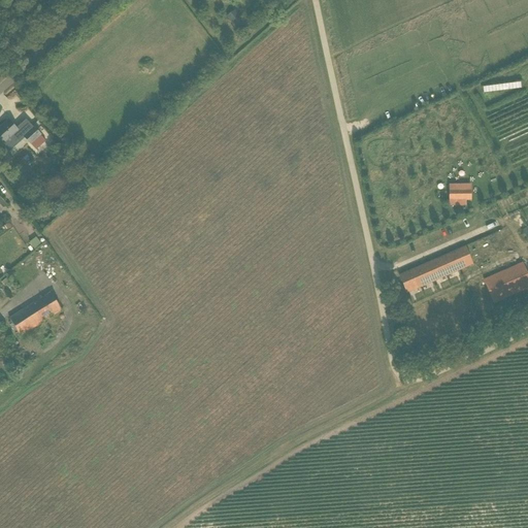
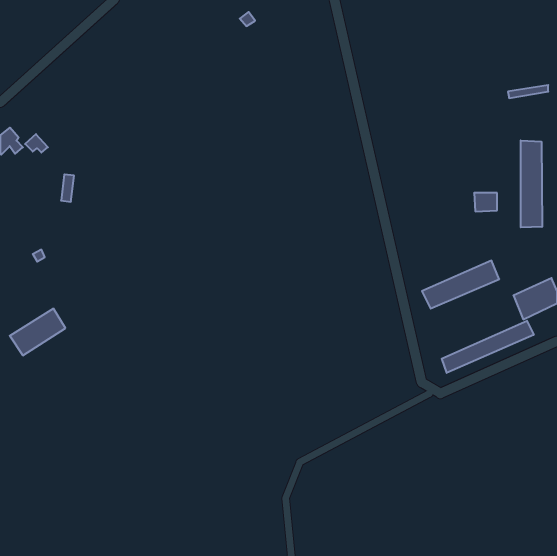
building: none -> [521,140,542,227]
building: none -> [442,321,534,373]

